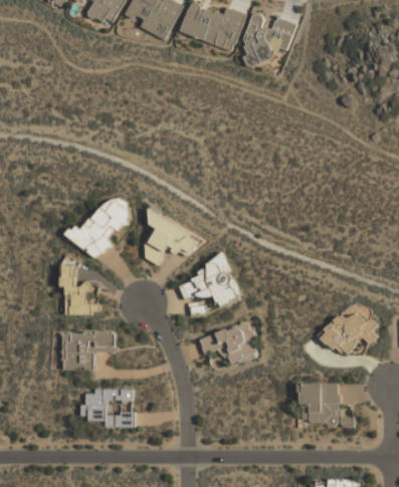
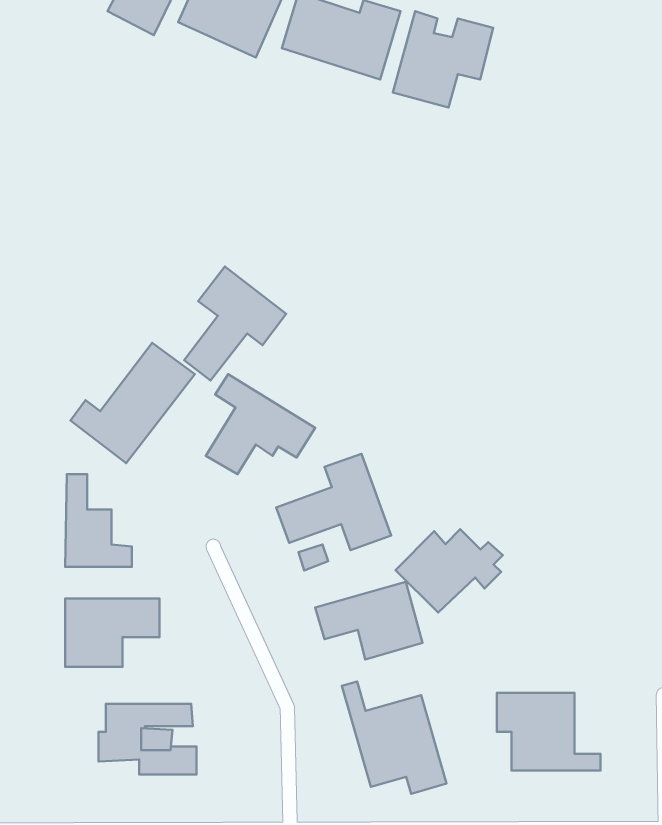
building: none -> [184,266,286,381]
building: [320,311,378,356] -> [395,529,503,613]
building: none -> [342,681,446,794]

